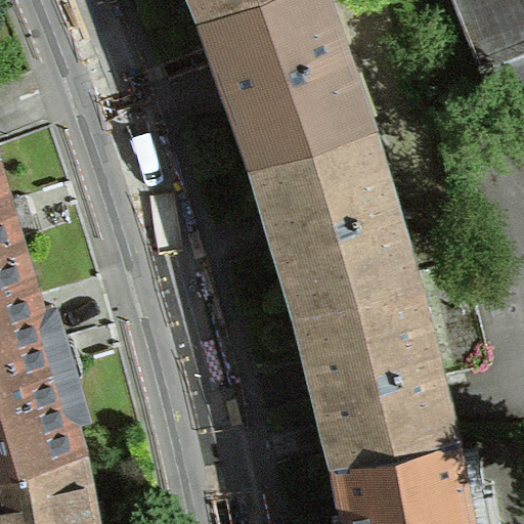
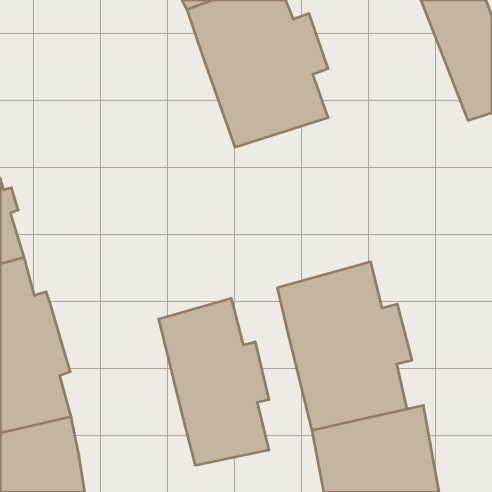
building: [250,125,397,306] -> none
building: none -> [159,298,269,465]

